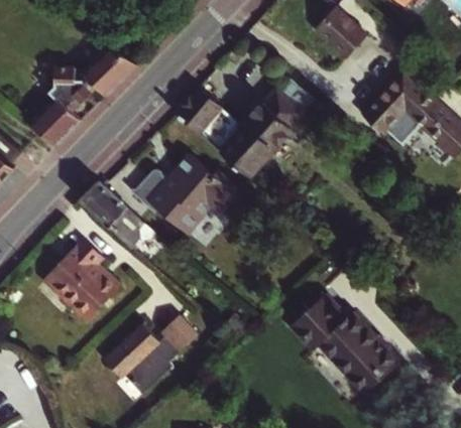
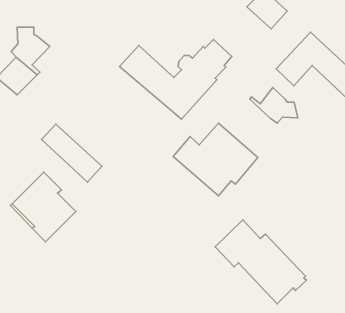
building: [78,45,134,96] -> none
building: none -> [250,88,298,123]
building: [134,154,236,242] -> [173,123,258,196]
building: [106,318,200,395] -> none

